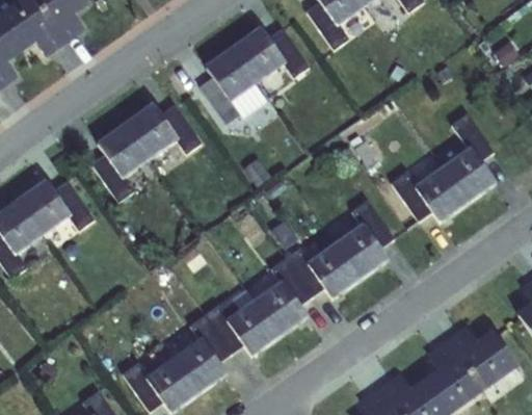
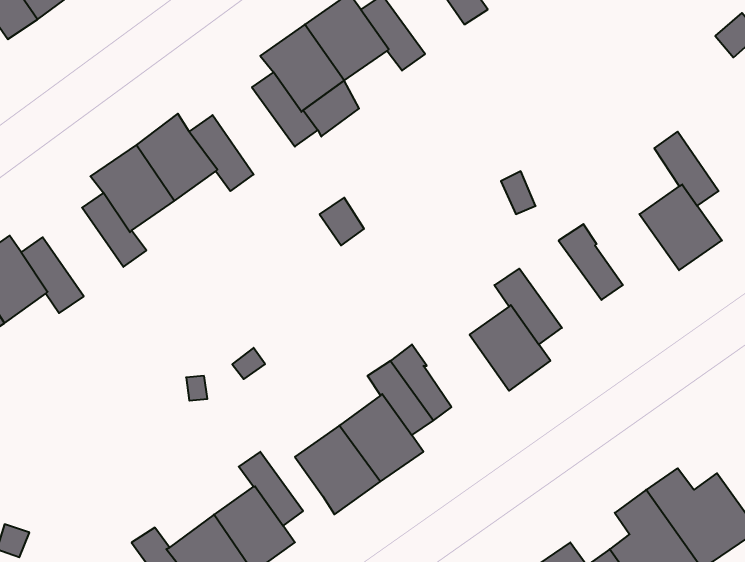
building: [415,166,468,222] -> none
building: [307,242,361,299] -> none
building: [204,288,254,354] -> none

